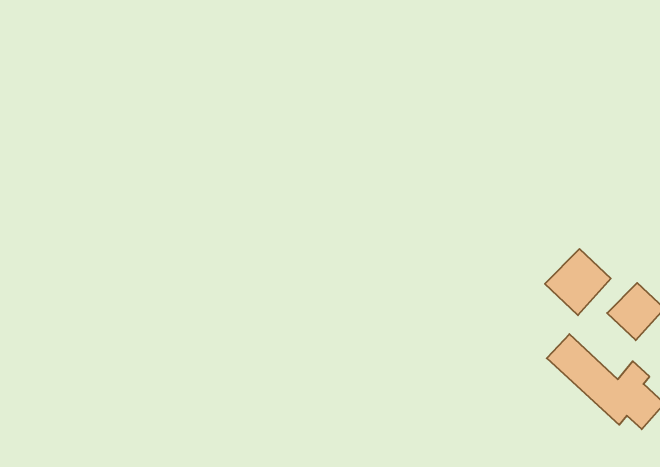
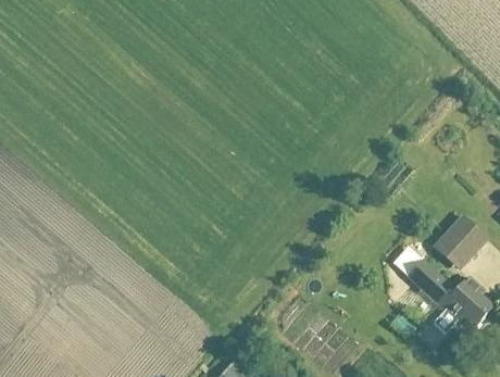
building: [545,249,611,315] -> none

